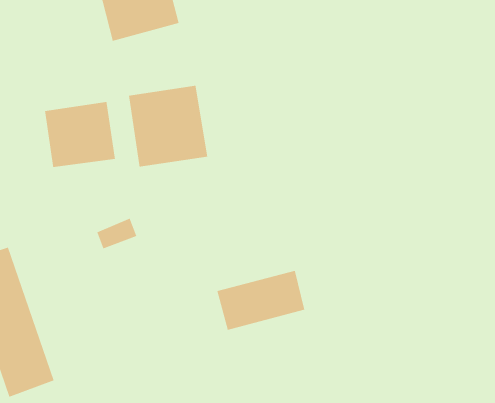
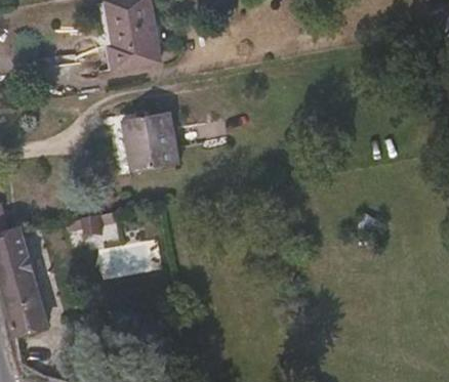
building: [44,101,115,168] -> none
building: [216,270,305,330] -> [93,240,160,282]

